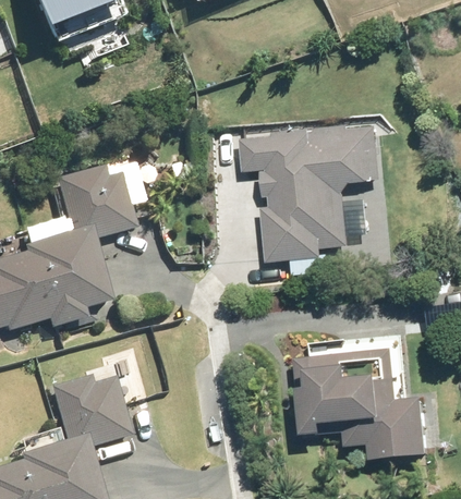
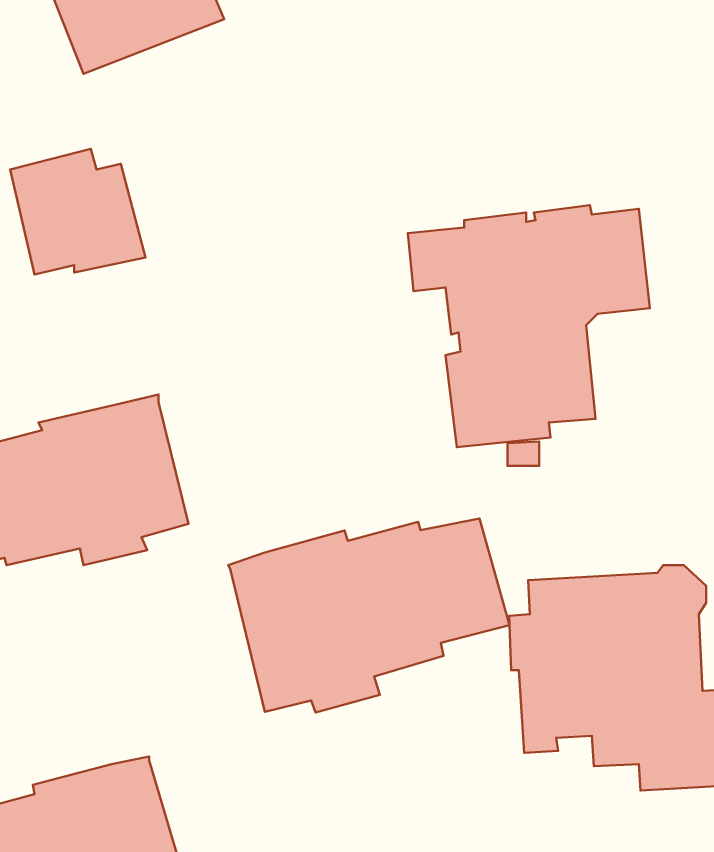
building: [57,162,135,235] -> [10,149,145,274]
building: none -> [228,519,510,713]
building: [50,373,131,445] -> none

